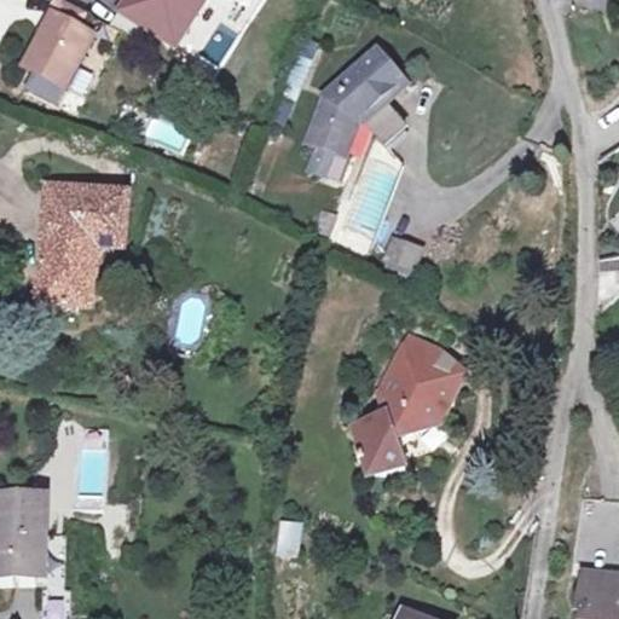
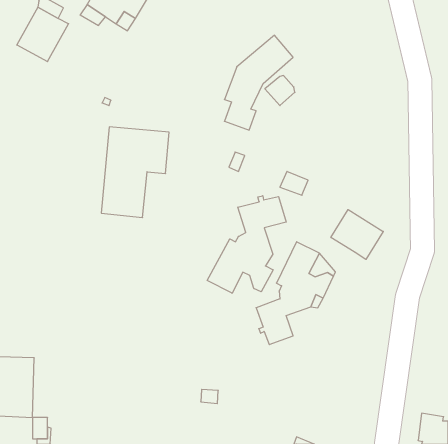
building: [36,181,129,306] -> [101,127,169,218]
building: none -> [207,196,286,293]
building: none -> [331,210,383,259]

